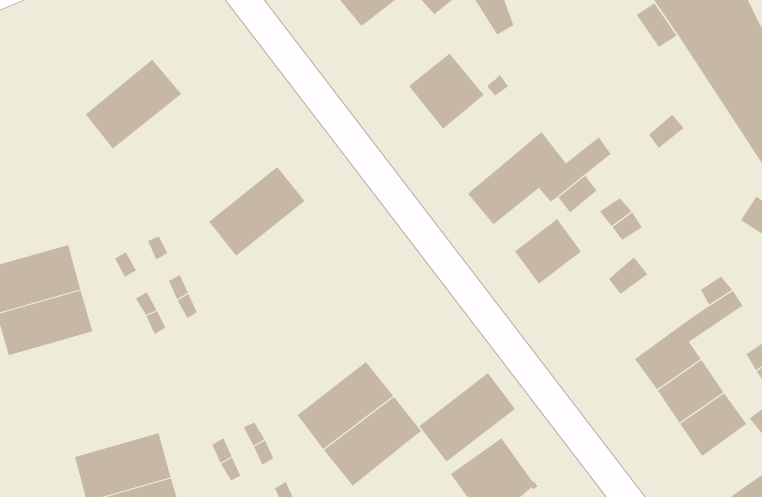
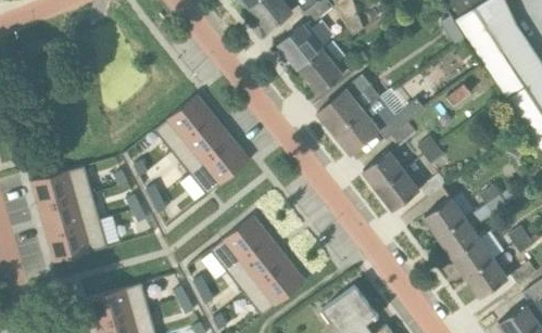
building: none -> [278,23,323,66]
building: [85,59,182,149] -> [154,94,215,151]
building: none -> [316,75,380,133]
building: none -> [189,138,250,194]
building: none -> [378,169,420,209]
building: none -> [424,196,466,236]
building: none -> [47,219,108,261]
building: [418,372,516,463] -> [210,215,270,271]

